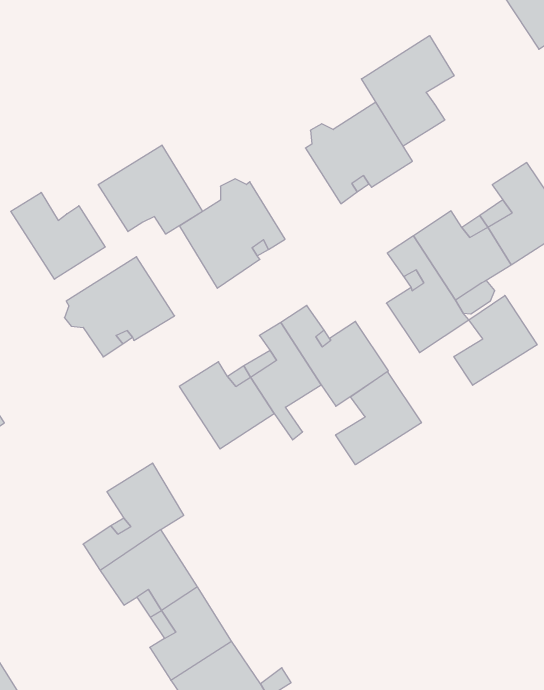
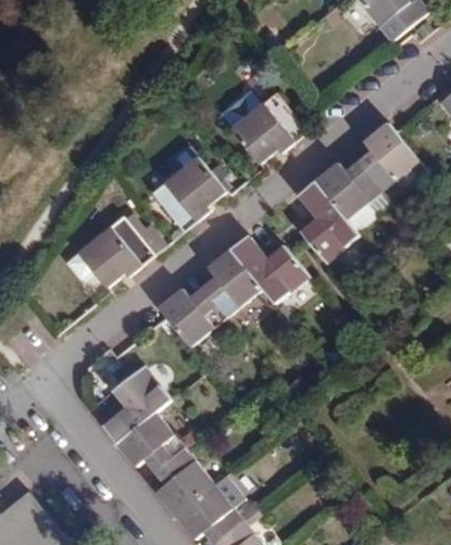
building: [361,36,454,146] -> none
building: [98,145,203,234] -> none
building: [11,192,105,279] -> none
building: [454,295,537,385] -> none
building: [336,372,421,465] -> none

